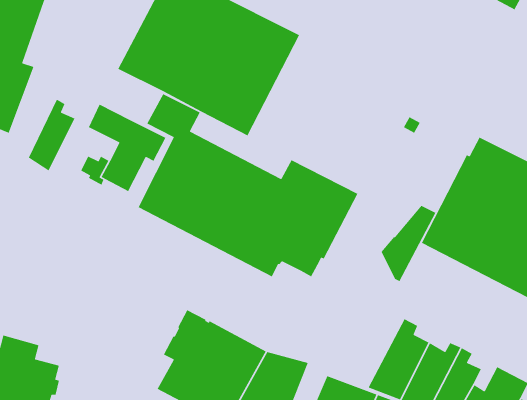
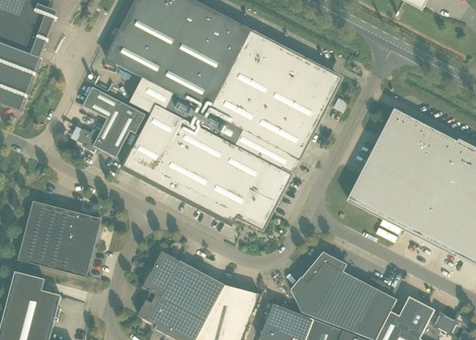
building: none -> [164,31,336,158]
building: [28,99,76,172] -> none
building: [381,205,437,282] -> [290,252,334,314]
building: none -> [17,201,100,277]

